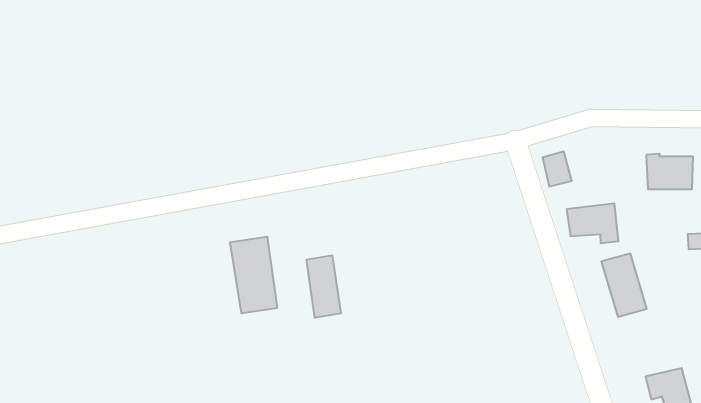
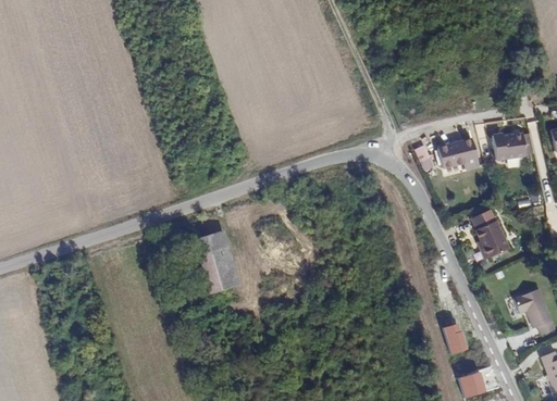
building: [567,204,619,243] -> [438,138,480,168]
building: [306,255,341,318] -> none

